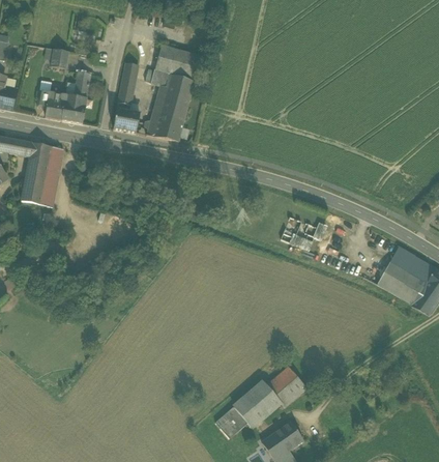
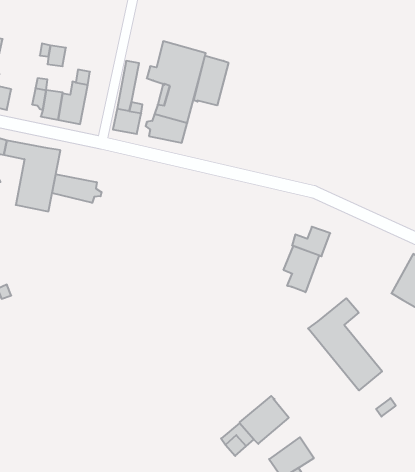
building: none -> [194,56,228,105]
building: none -> [52,174,102,203]
building: none -> [284,246,319,292]
building: none -> [308,298,382,390]
building: [265,366,306,406] -> none

